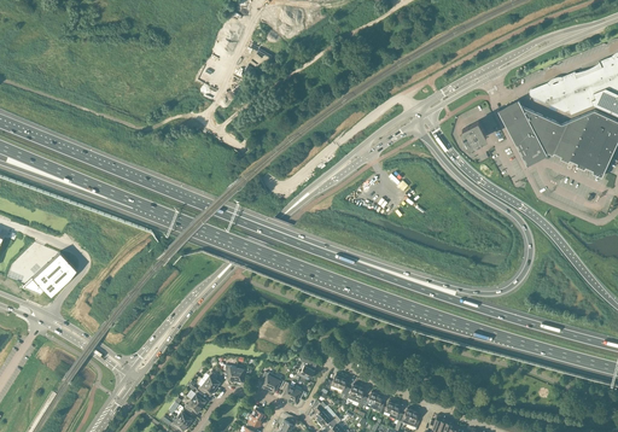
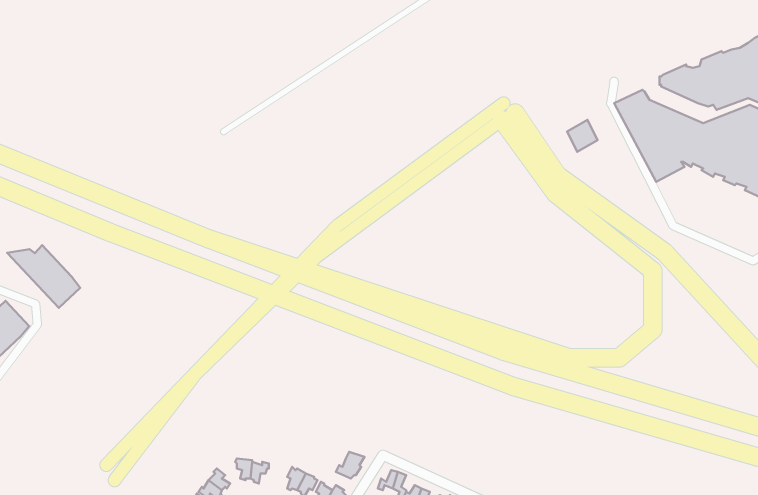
building: none -> [7,245,80,308]

